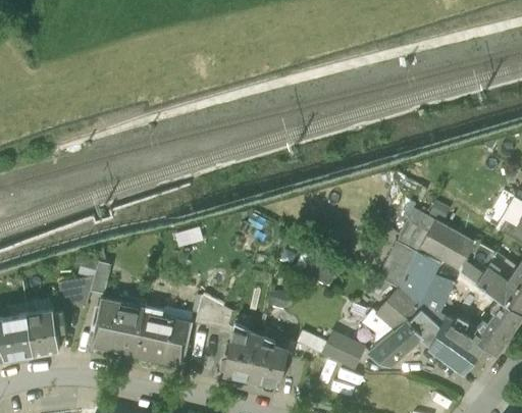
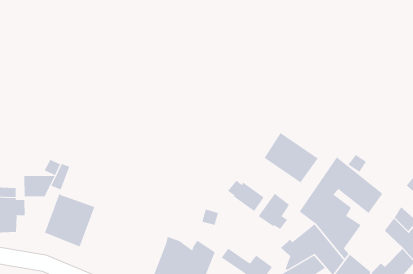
building: none -> [264,132,318,184]
building: [460,241,495,285] -> none
building: none -> [258,193,290,230]
building: [195,296,236,337] -> none
building: [135,307,190,365] -> none

